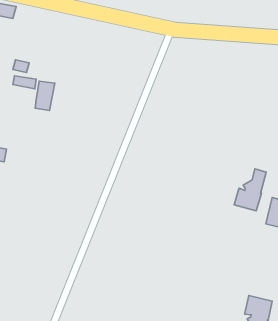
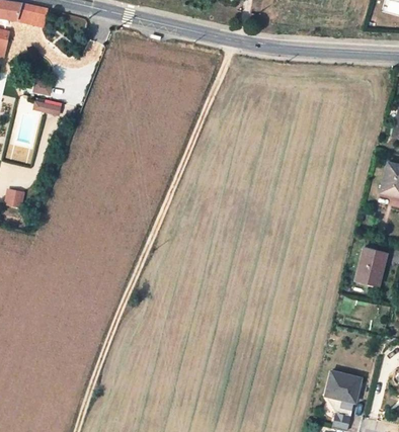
building: [35,81,55,111] -> none
building: [234,169,266,211] -> none

